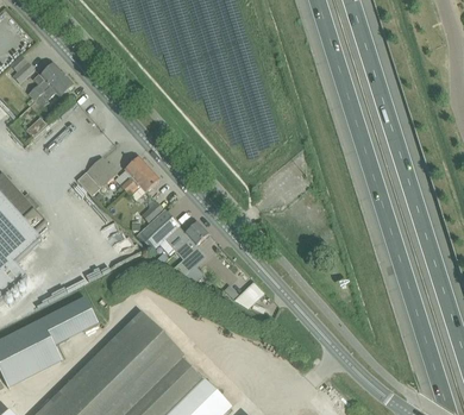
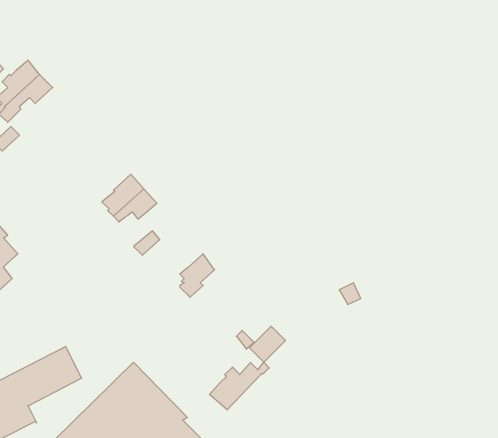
building: [76,157,115,195] -> none
building: [136,209,184,251] -> none
building: none -> [209,362,269,410]

